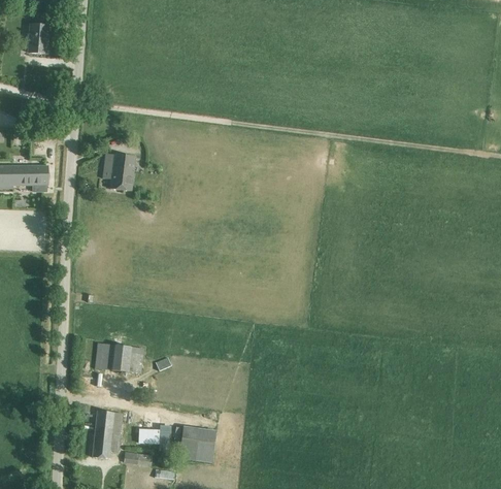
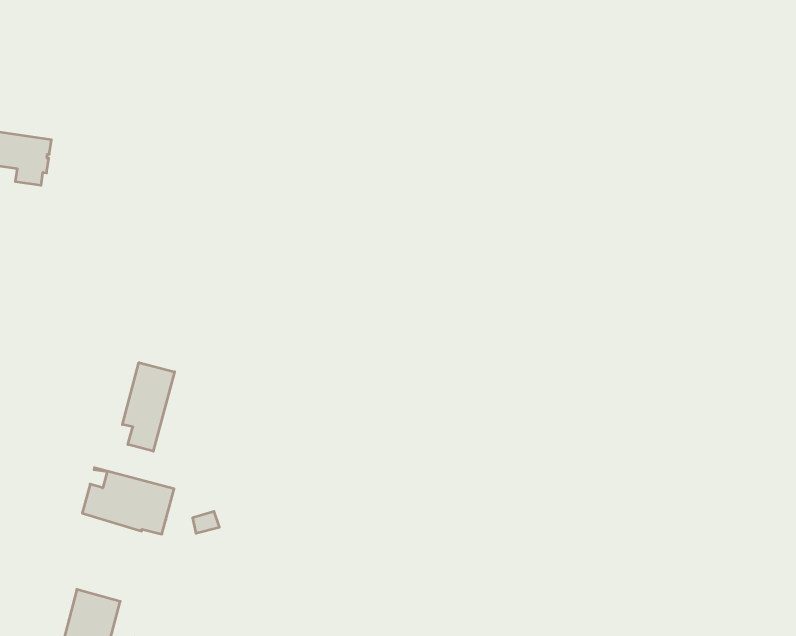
building: [101,153,135,191] -> none
building: none -> [122,363,175,451]

